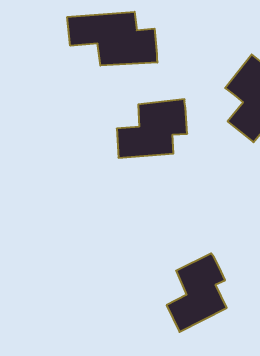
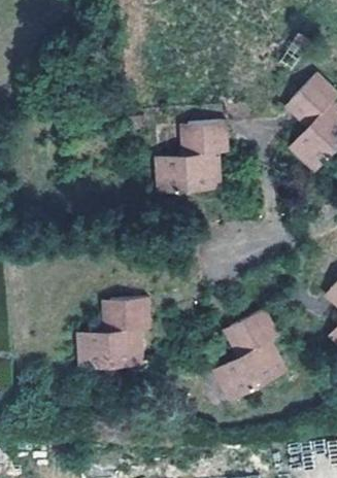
building: [67,12,157,66] -> none
building: none -> [75,301,157,368]

